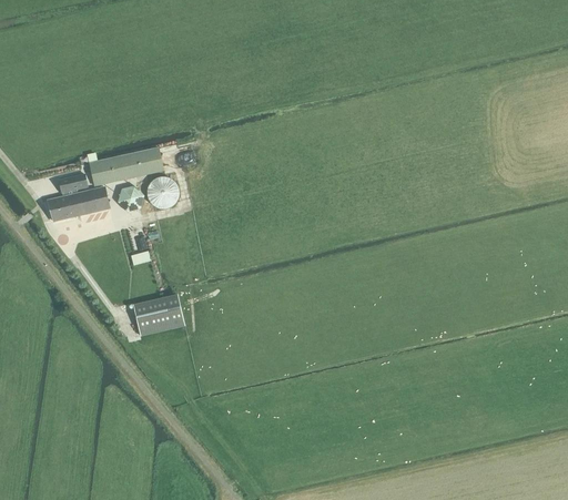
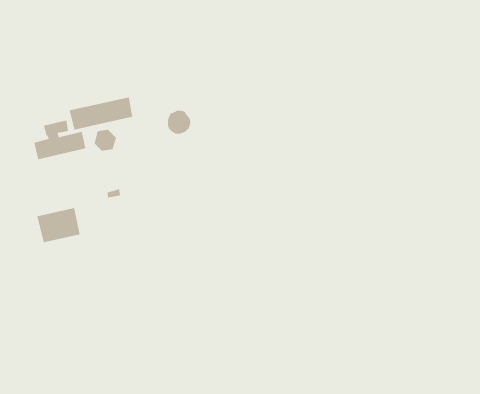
building: [150,181,178,208] -> [167,110,191,134]
building: [132,293,183,334] -> [36,208,80,243]

